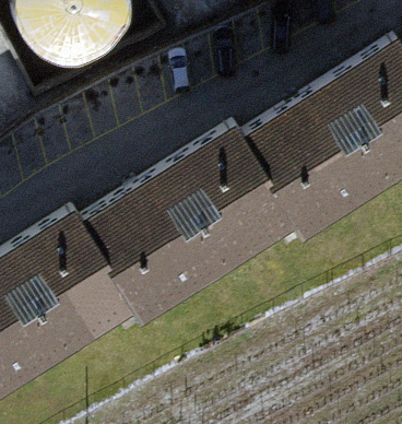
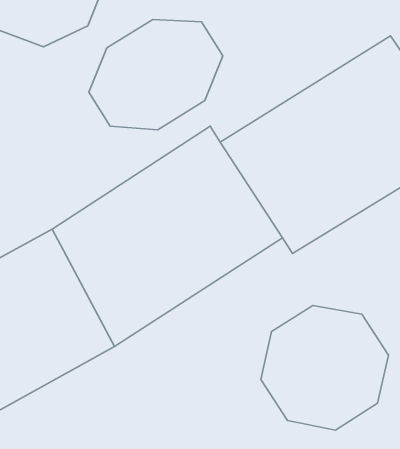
building: none -> [89,20,223,130]
building: none -> [261,305,389,430]

